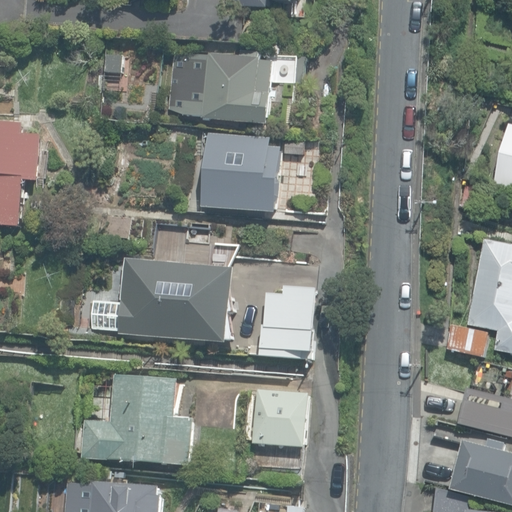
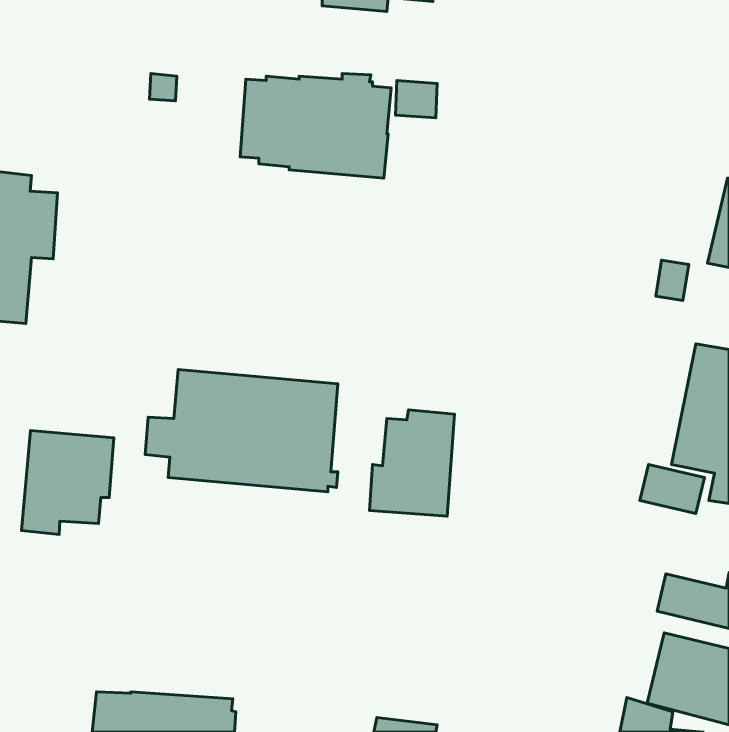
building: [200,132,281,212] -> none
building: none -> [22,430,114,534]
building: [81,373,195,464] -> none
building: [254,391,306,447] -> none

